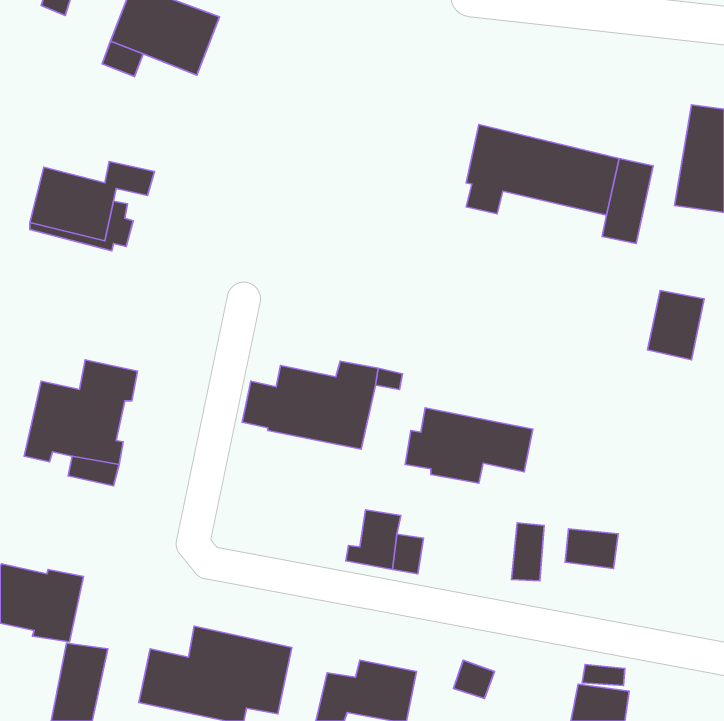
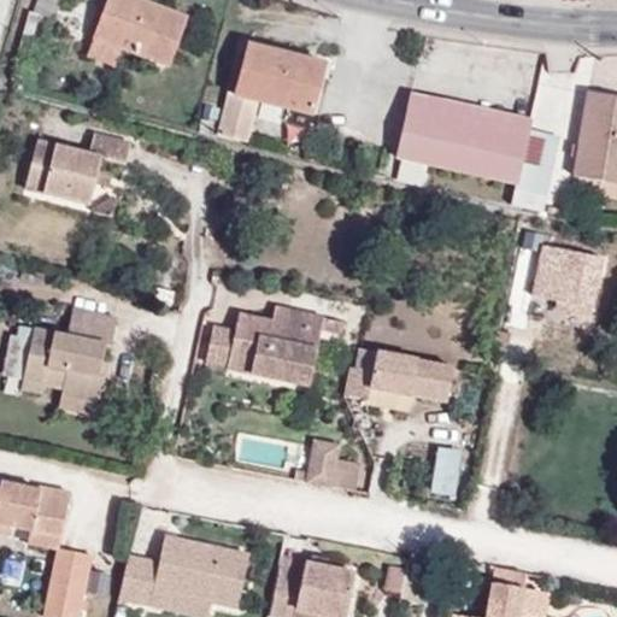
building: none -> [217,41,324,140]
building: [565,529,618,569] -> none

